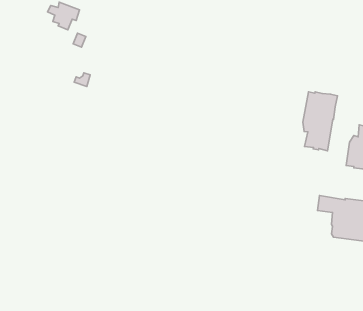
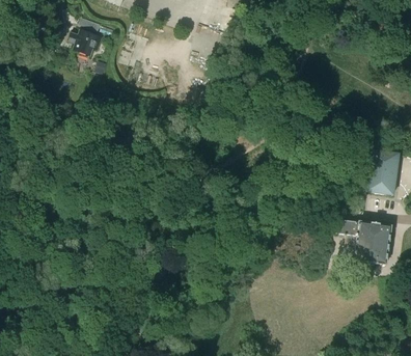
building: [303,92,337,151] -> none

